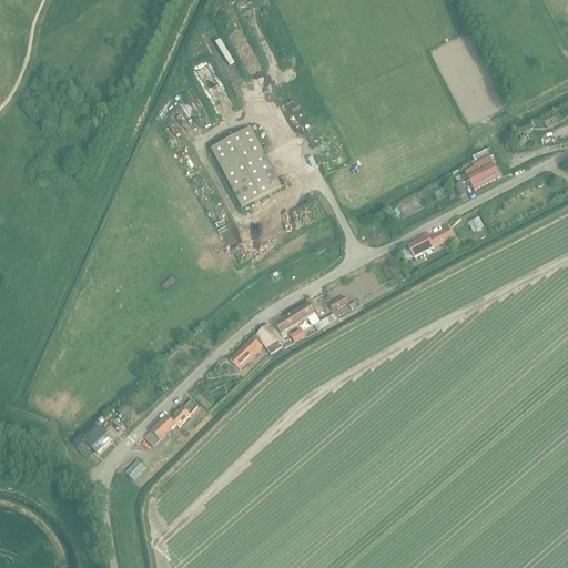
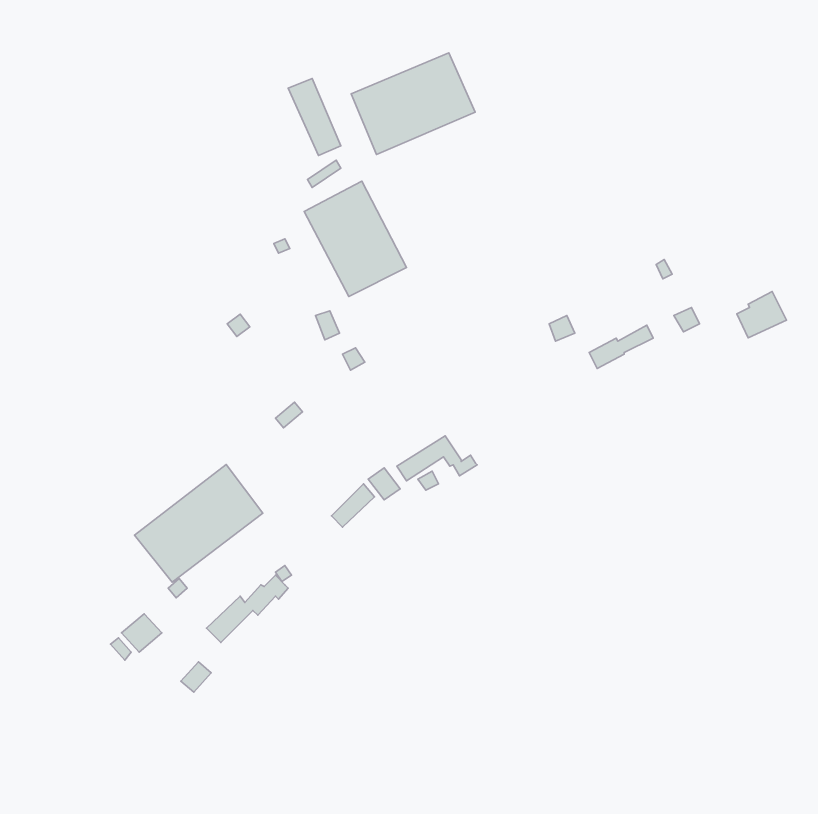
building: none -> [351,53,475,154]
building: [465,154,499,186] -> [737,291,786,338]
building: none -> [134,465,263,582]

